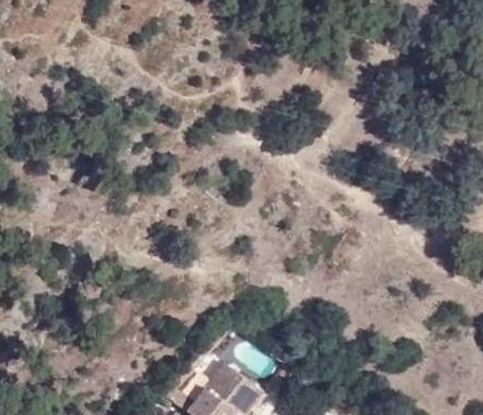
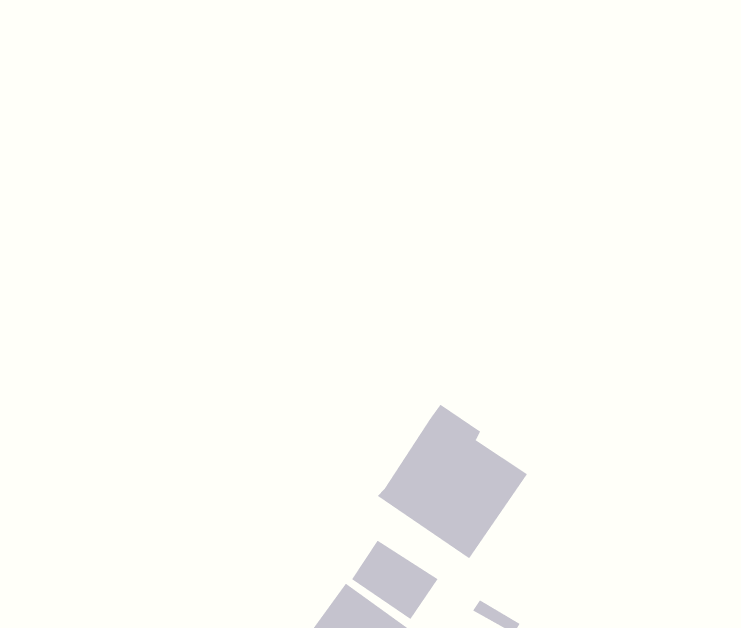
building: none -> [377,404,528,559]

